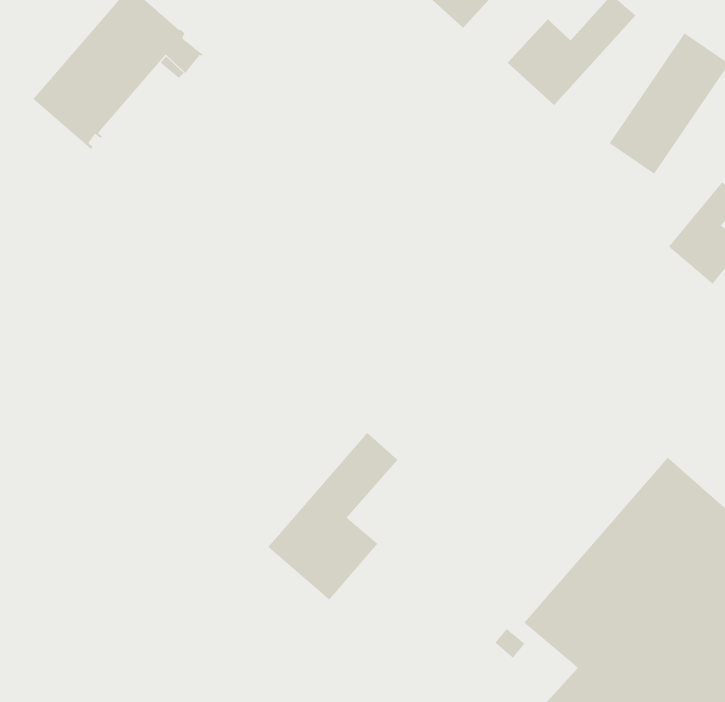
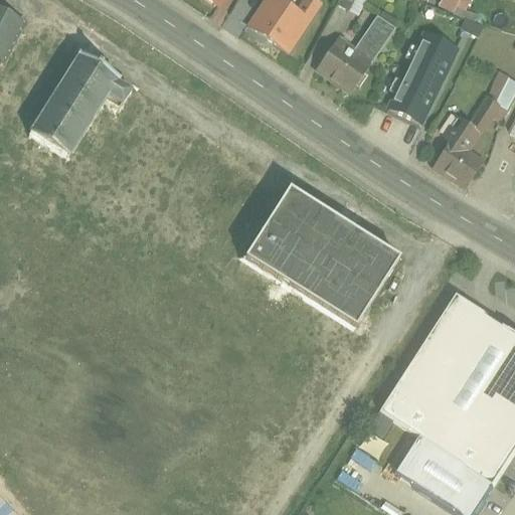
building: none -> [244,187,398,326]
building: [268,432,398,601] -> none

